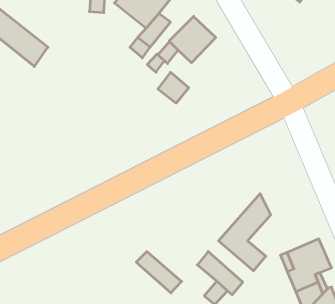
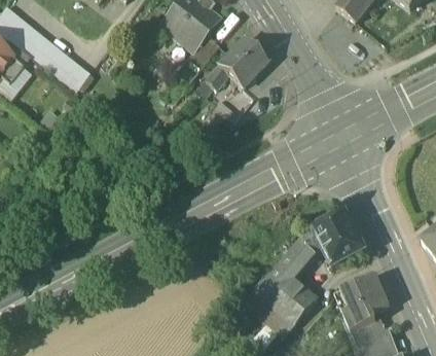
building: none -> [315,210,366,264]
building: [136,252,182,293] -> [259,277,307,321]

